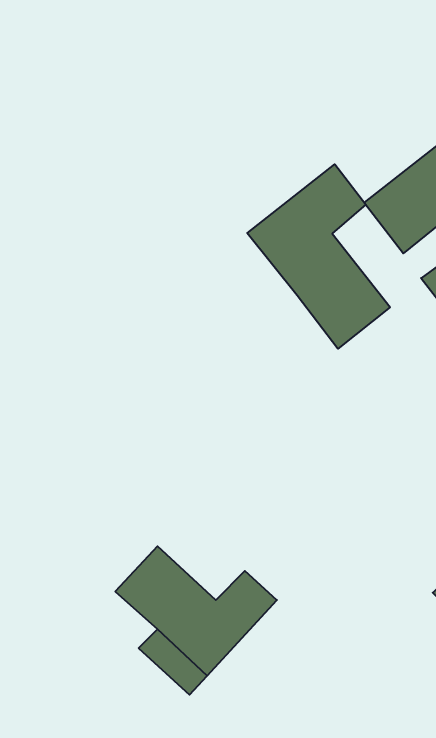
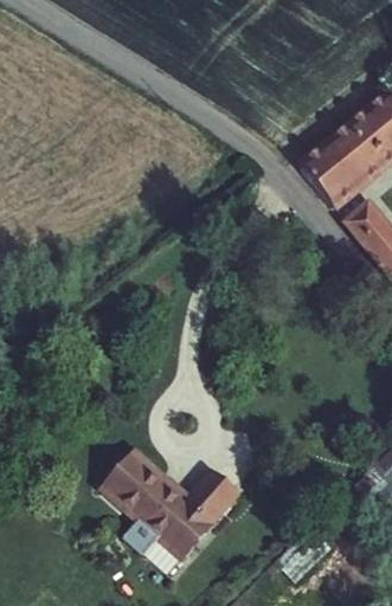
building: [247,164,390,349] -> none

